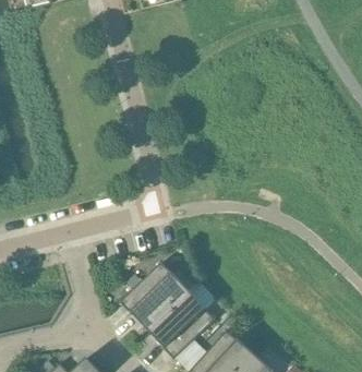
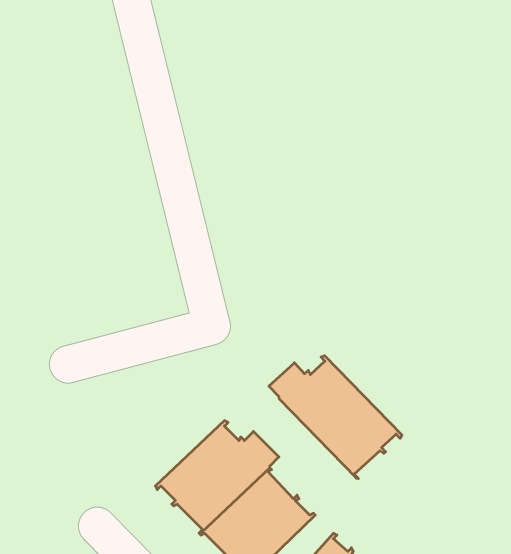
building: none -> [269,356,402,479]

